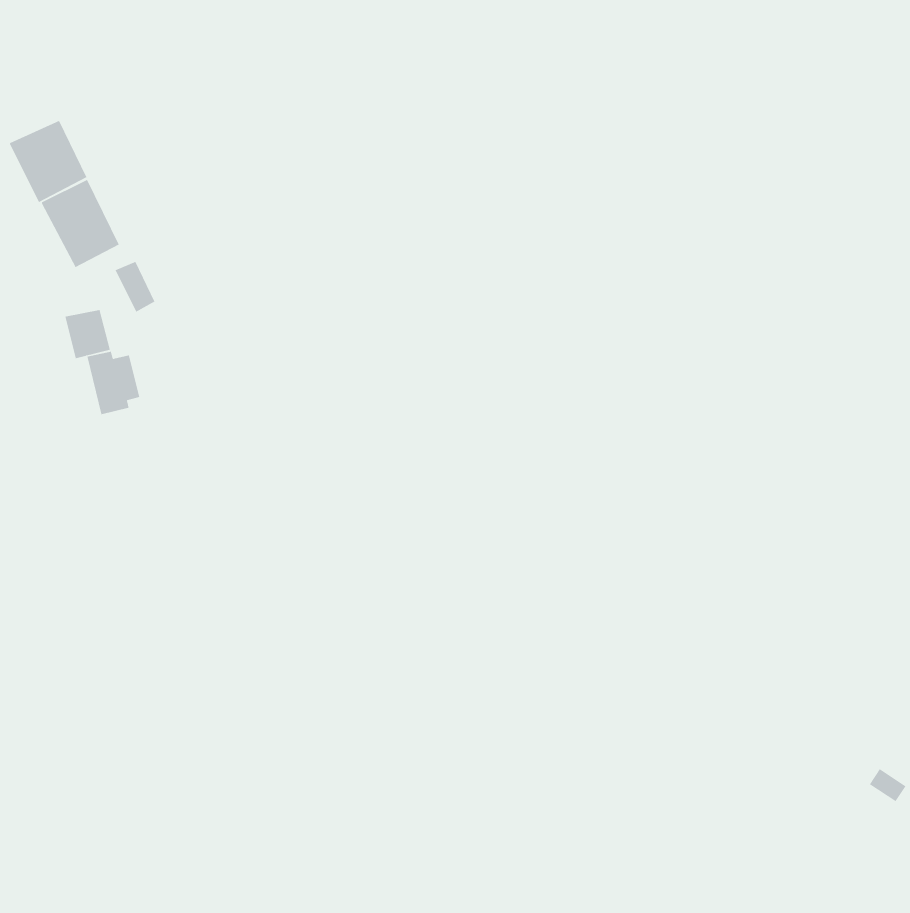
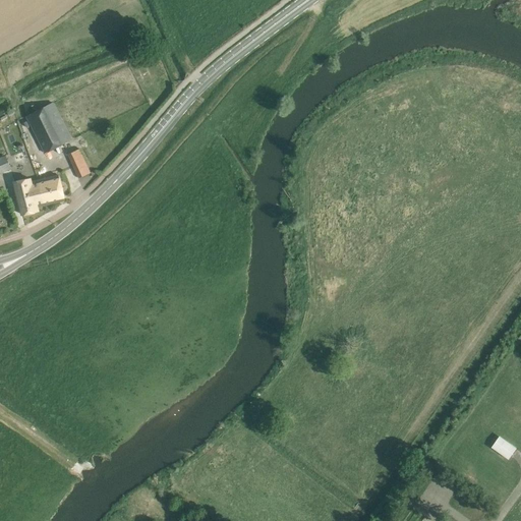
building: [9,120,88,203] -> none
building: [87,351,140,415] -> [12,178,43,215]

